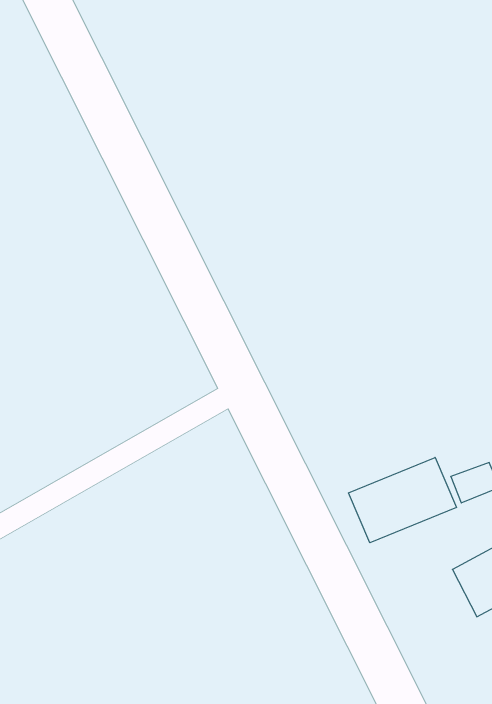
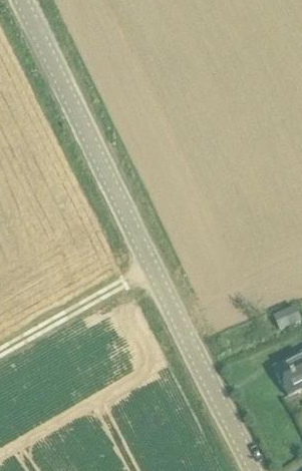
building: [349,457,457,543] -> none

